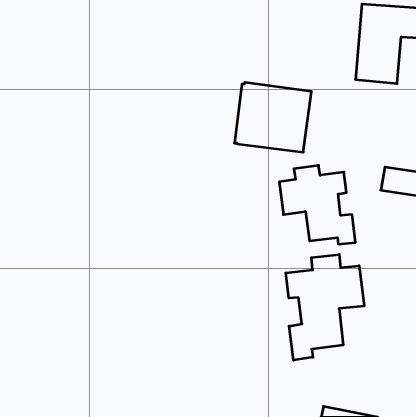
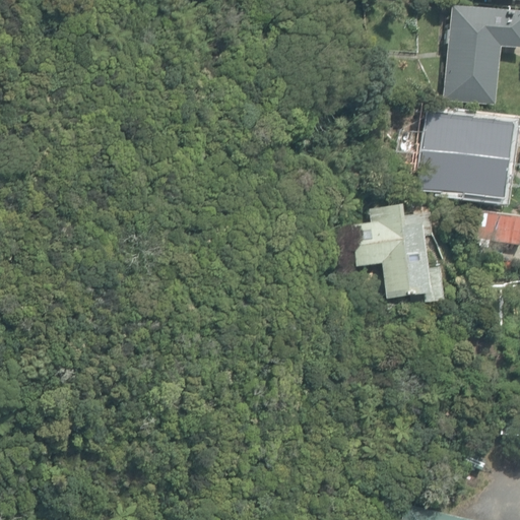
building: [234,82,311,152] -> [415,111,511,197]
building: [286,254,364,360] -> none

